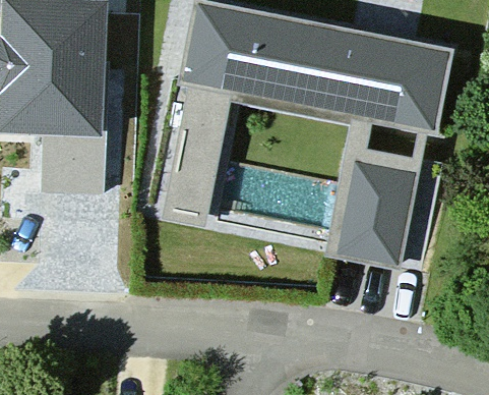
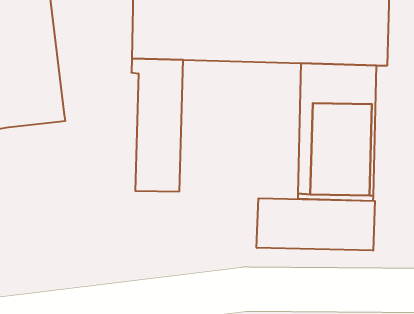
building: [39,131,106,195] -> none
building: none -> [257,198,375,251]

